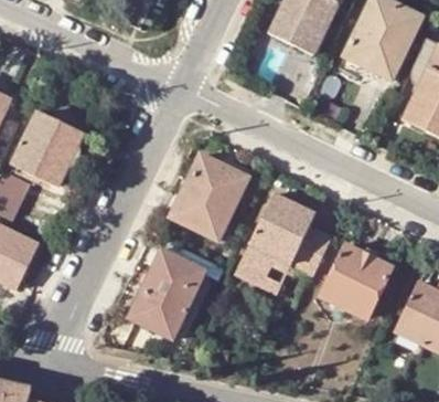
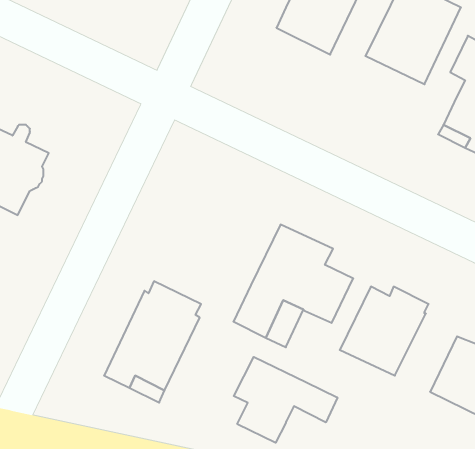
building: [171,154,248,239] -> none
building: none -> [234,357,337,443]

